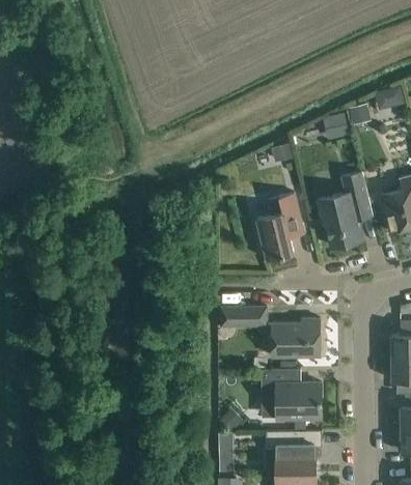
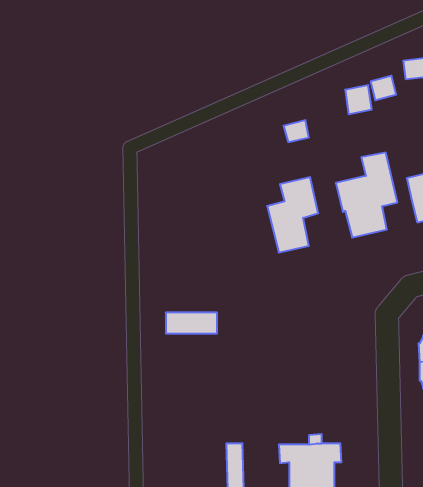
building: [221,308,267,326] -> [166,313,217,333]
building: [271,319,321,358] -> none
building: [262,369,322,420] -> none

